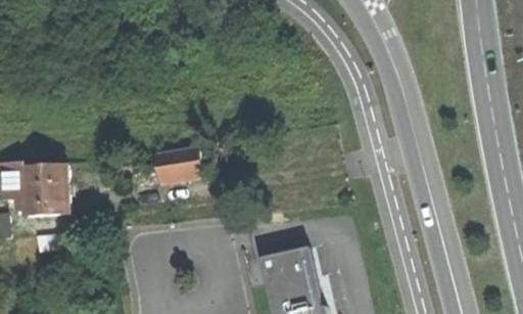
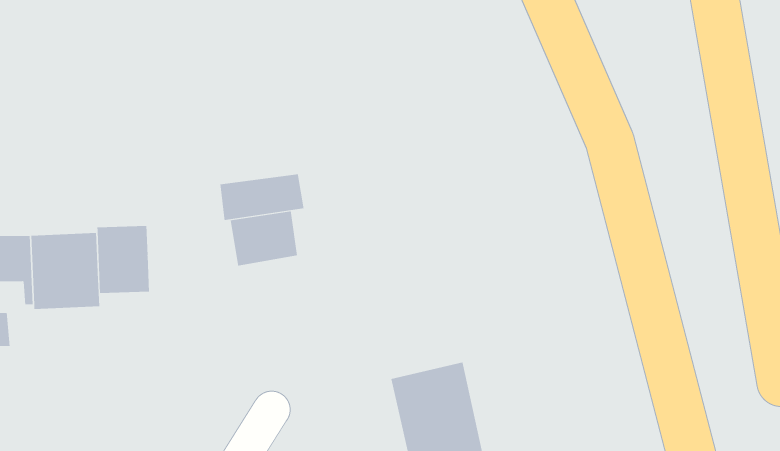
building: none -> [220,173,304,221]
building: none -> [97,225,150,294]

